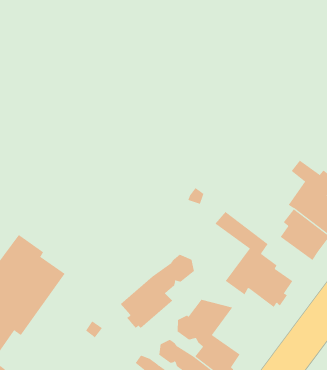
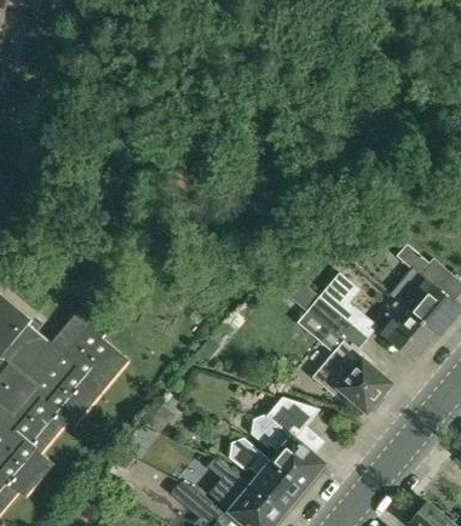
building: none -> [317,274,375,339]
building: [120,254,194,329] -> none

